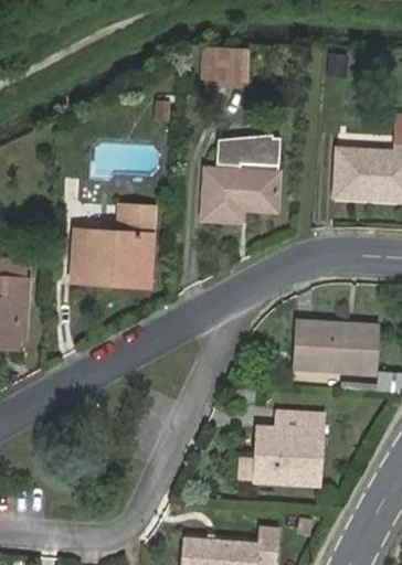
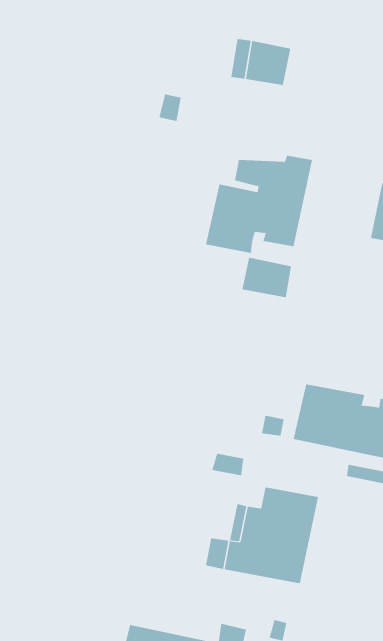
building: [71,205,155,286] -> none
building: none -> [242,257,291,298]

